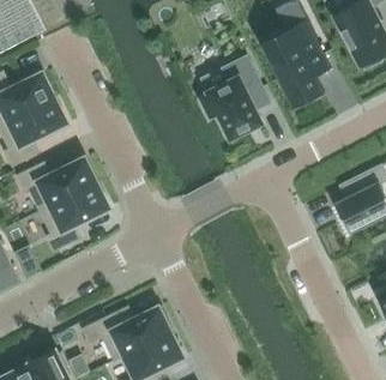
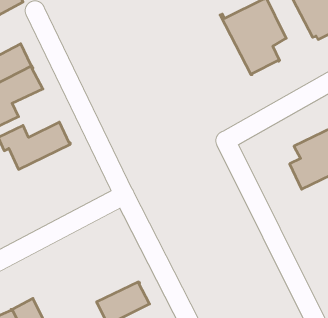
building: [200,55,271,139] -> none
building: [40,182,108,251] -> none
building: [83,306,170,361] -> none

